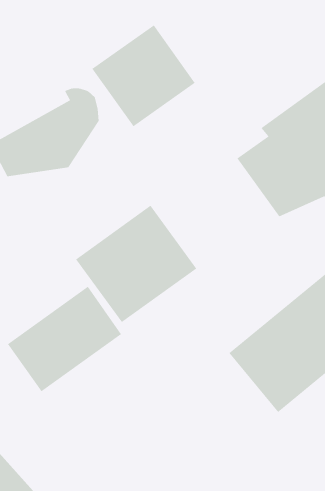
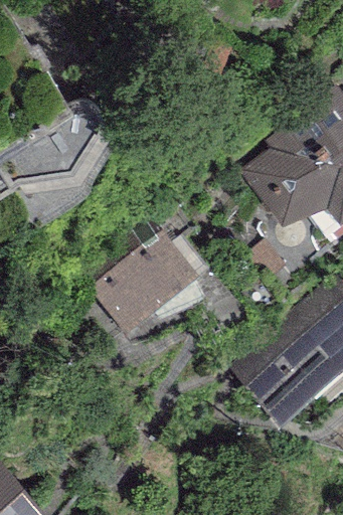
building: [91,24,196,127] -> none
building: [7,286,122,392] -> none

